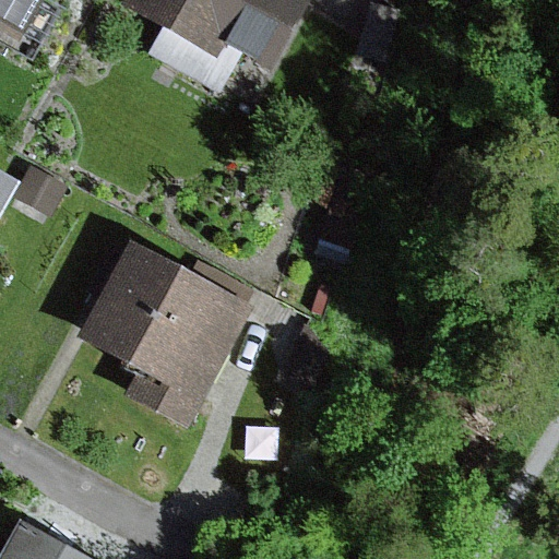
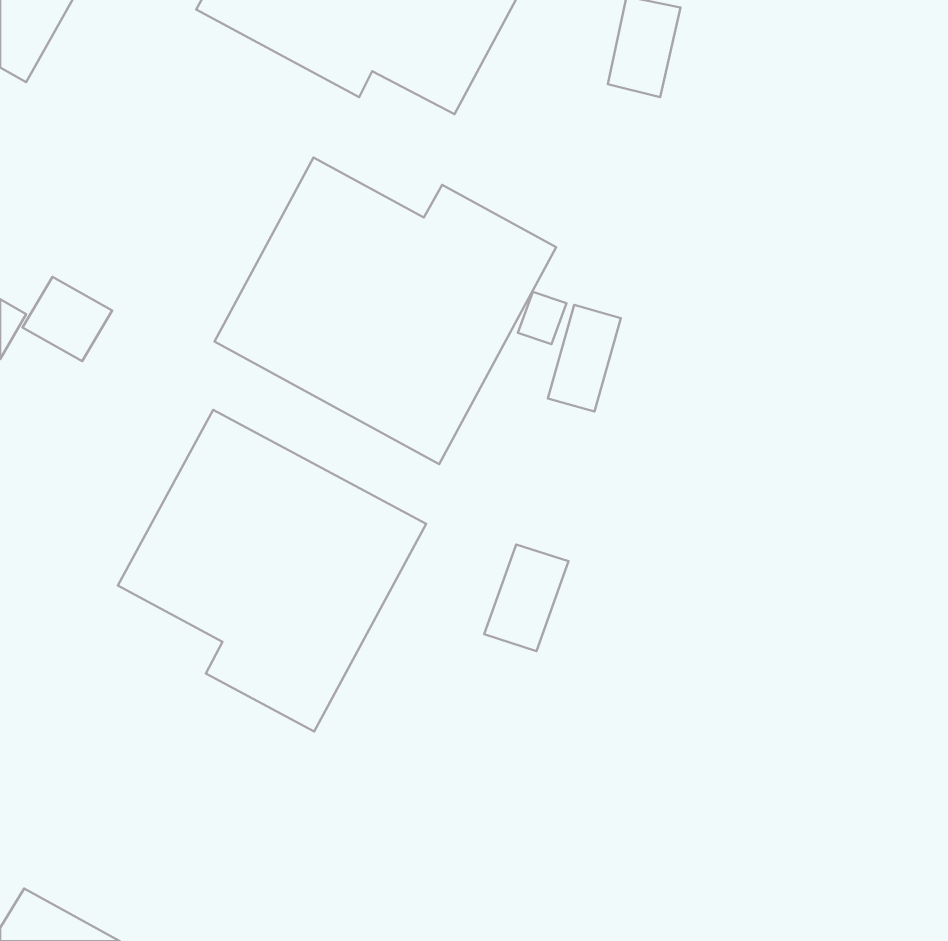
building: none -> [215,157,556,464]

